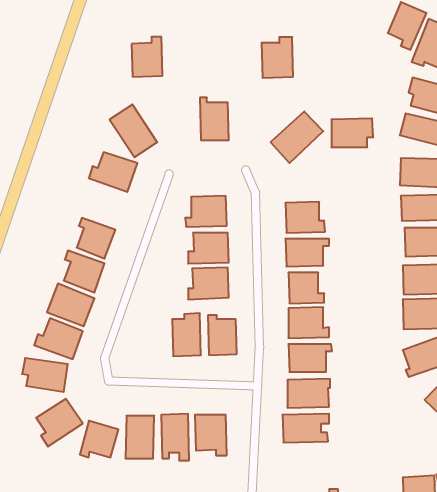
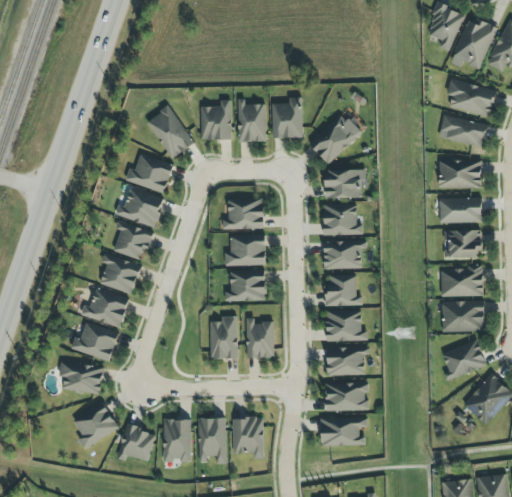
building: [132,37,162,77] -> [200,100,231,140]
building: [261,37,293,78] -> [271,97,303,138]
building: [331,118,373,147] -> [325,169,367,198]
building: none -> [115,188,163,227]

